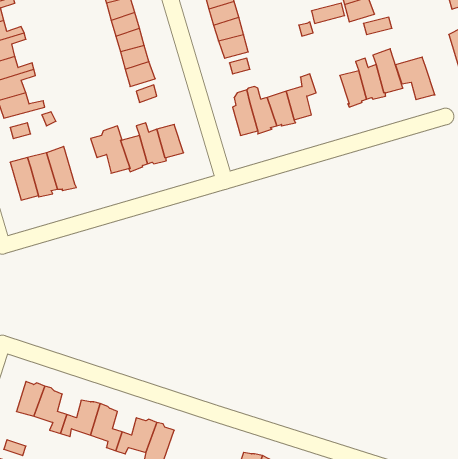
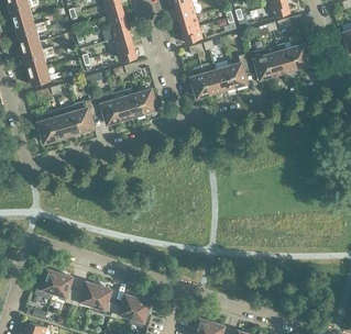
building: [395,57,435,100] -> [245,49,273,79]
building: none -> [74,100,97,132]

